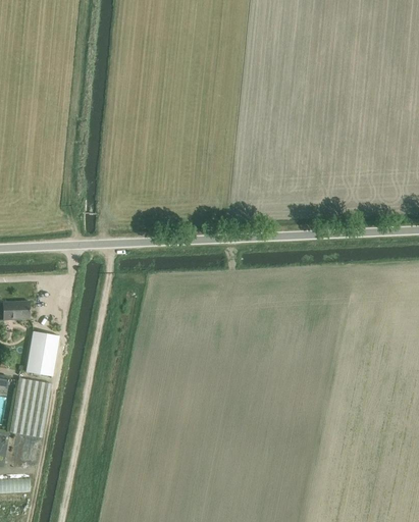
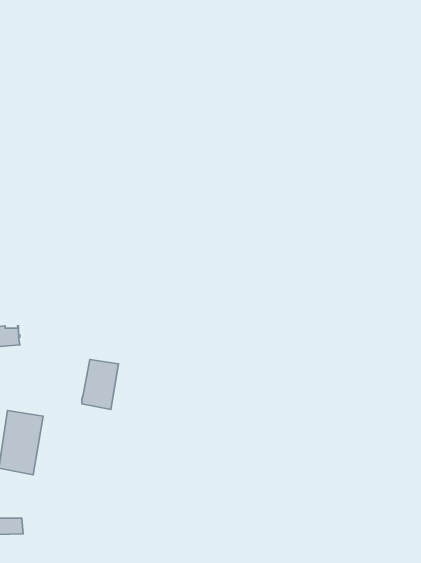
building: [25,330,59,376] -> [82,359,119,409]

